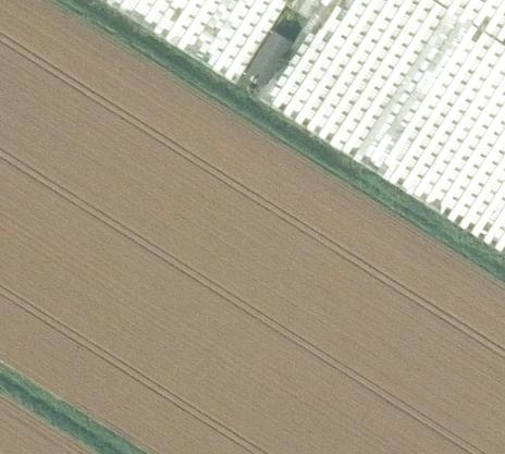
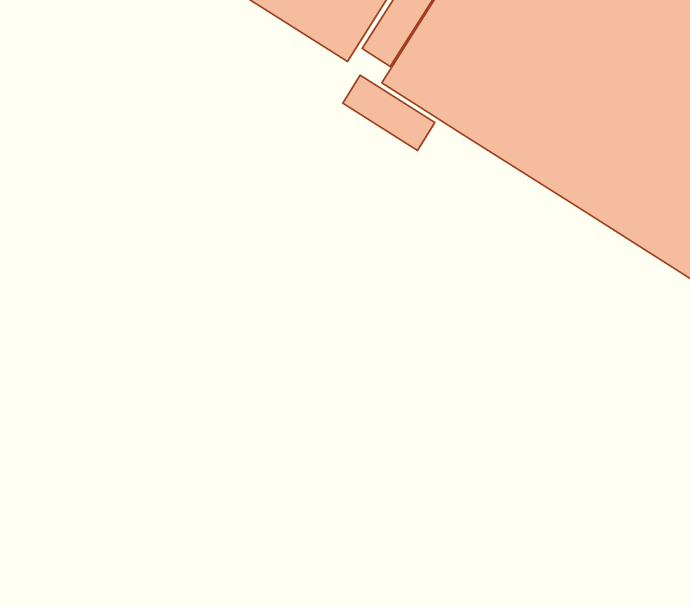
building: none -> [343,75,435,150]

